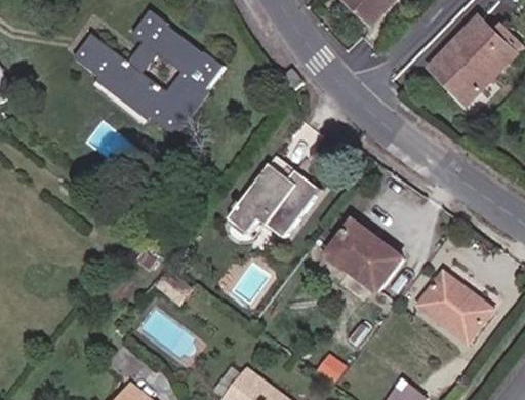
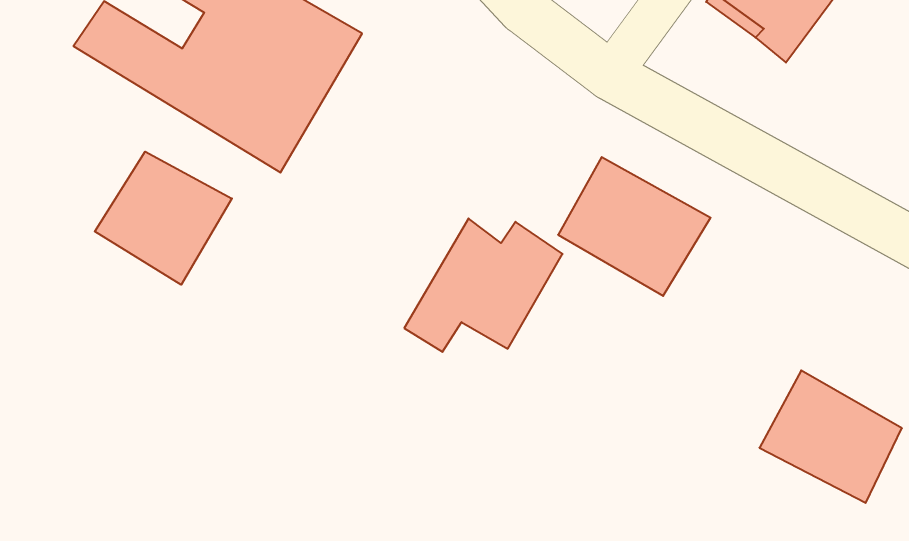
building: none -> [95,152,232,285]
building: [321,218,403,296] -> [558,157,711,296]

